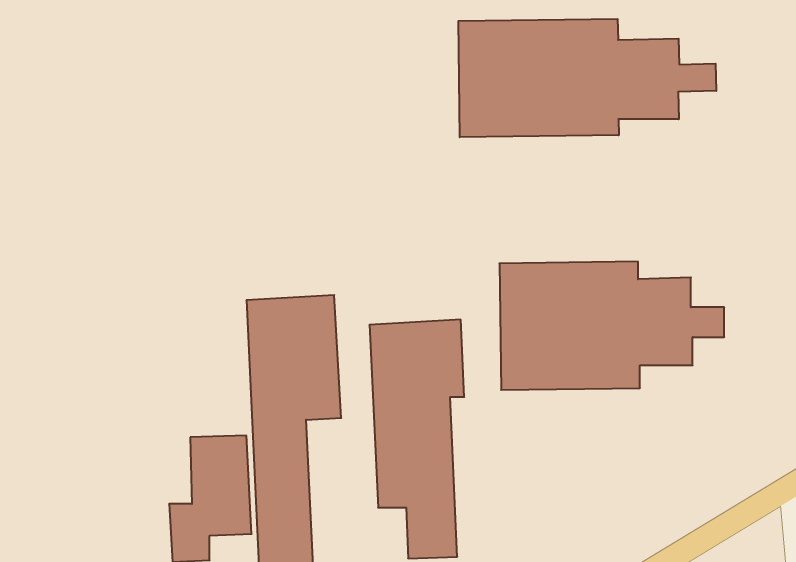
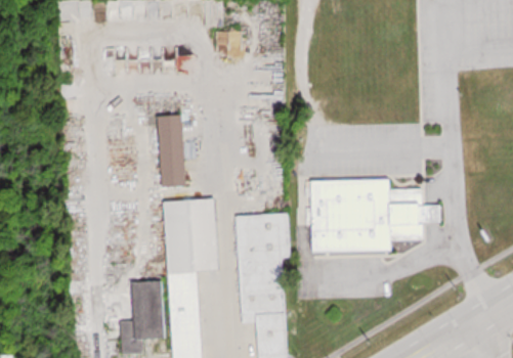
building: [458,19,716,137] -> none
building: none -> [158,115,185,188]

